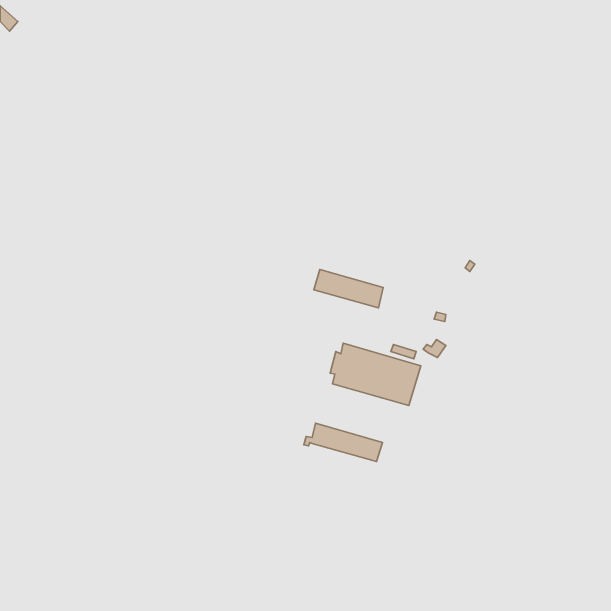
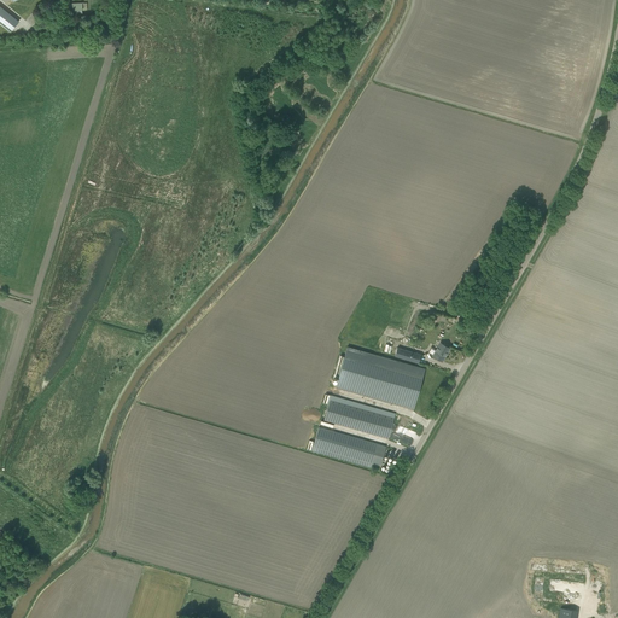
building: [314,269,383,308] -> [323,400,393,438]

